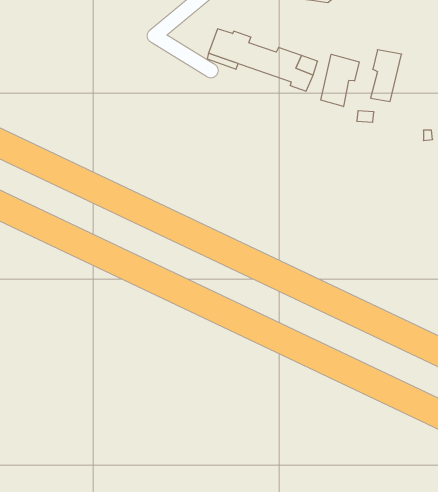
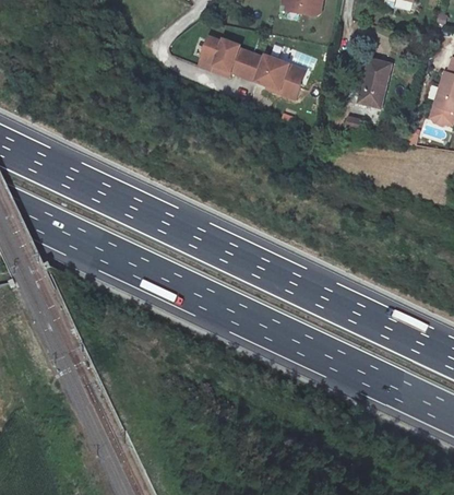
building: [321,54,359,107] -> none

